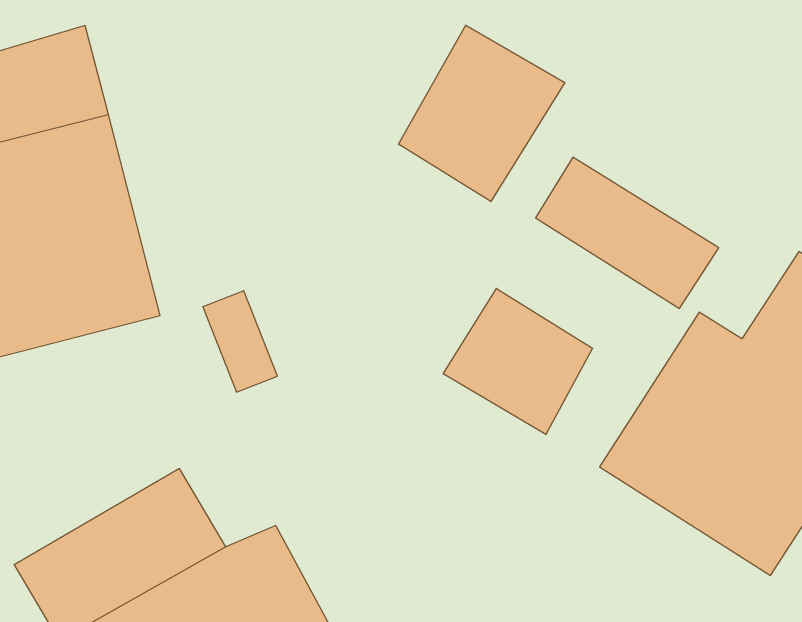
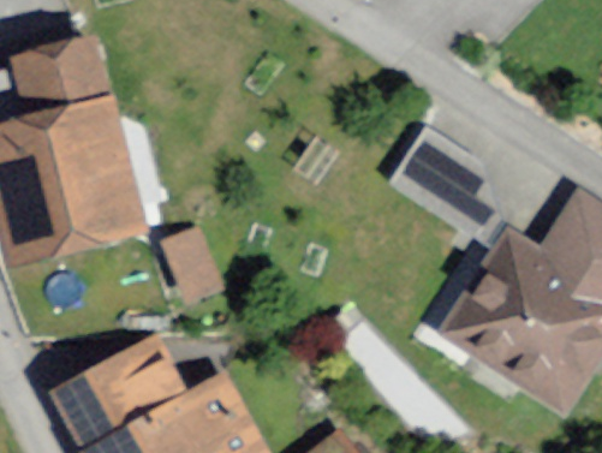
building: [399,25,565,202] -> none
building: [443,288,593,435] -> none

